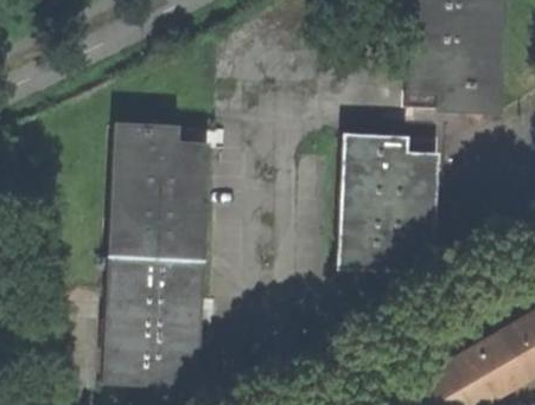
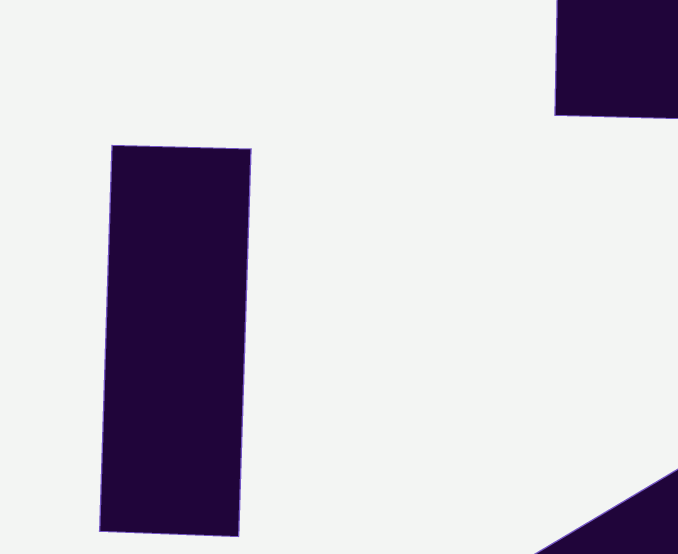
building: [340,134,434,265] -> none

